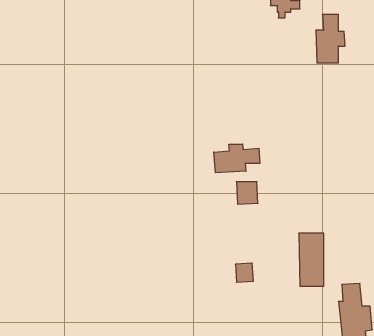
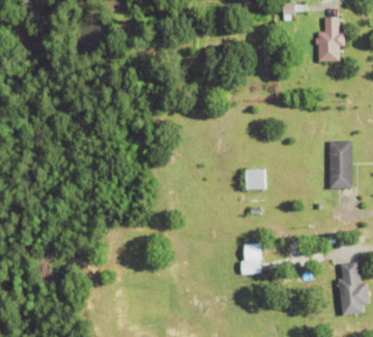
building: [214,144,260,173] -> none
building: [299,233,324,286] -> [329,141,352,189]

